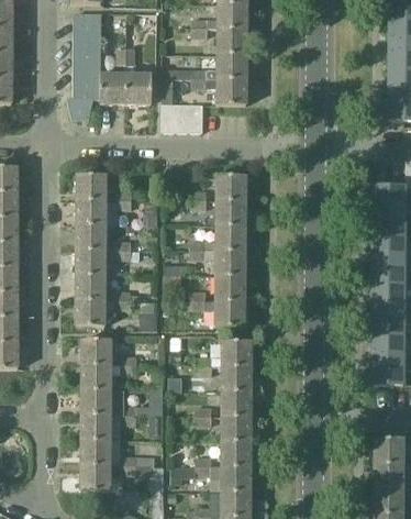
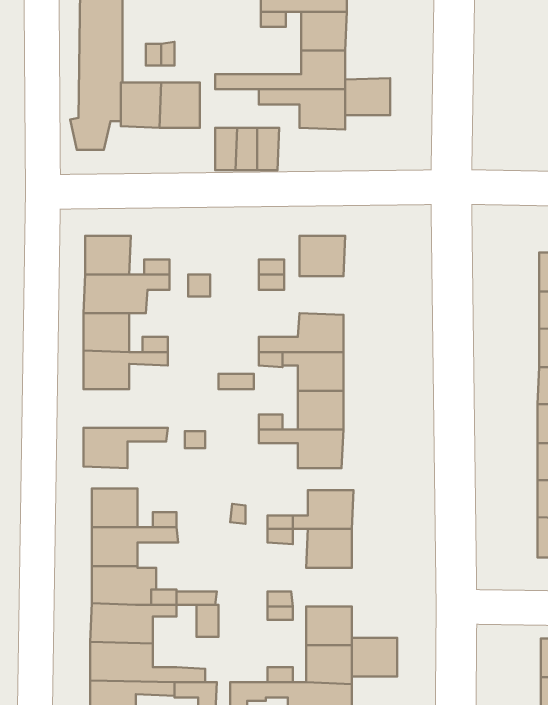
building: none -> [345,78,390,115]
building: [216,201,245,227] -> none
building: [76,275,131,300] -> none
building: [221,391,251,417] -> [352,638,397,677]

